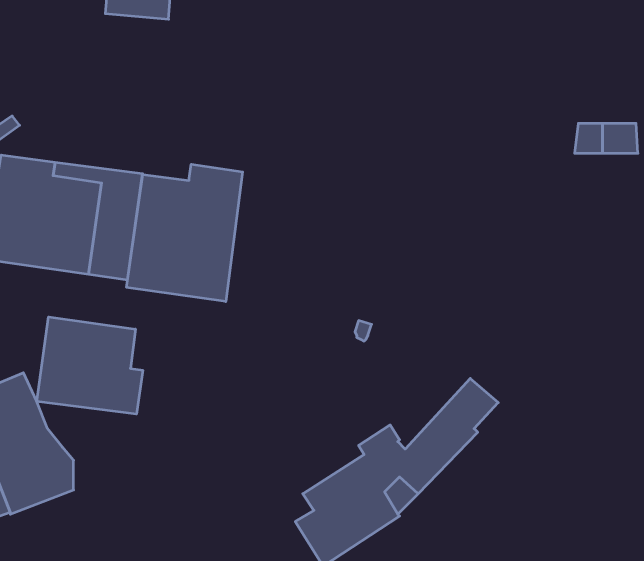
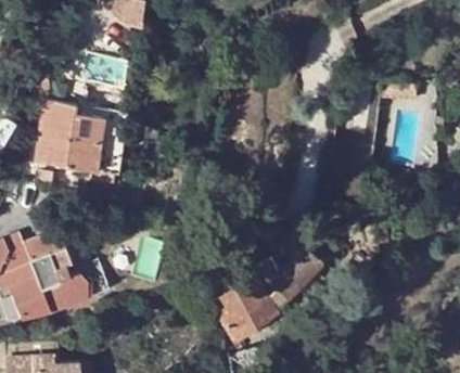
building: [127,164,243,302] -> none
building: [37,317,143,414] -> none

